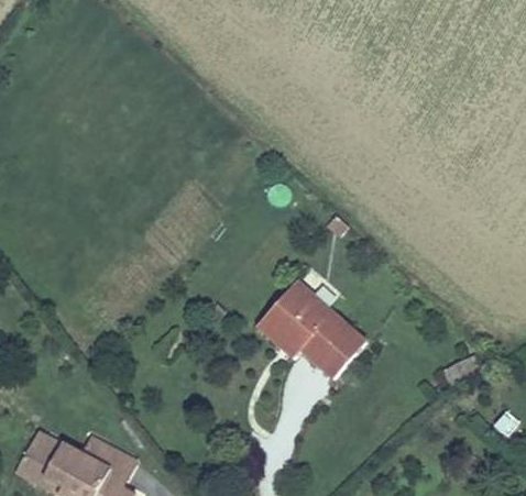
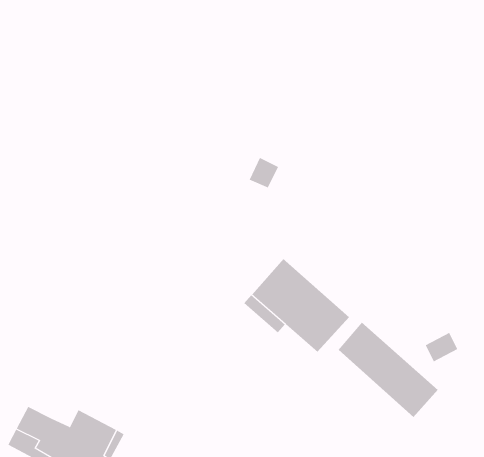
building: none -> [338,322,438,418]

